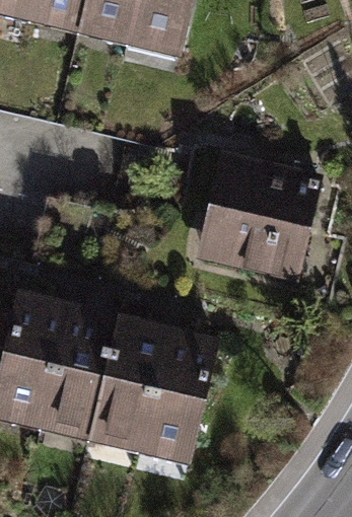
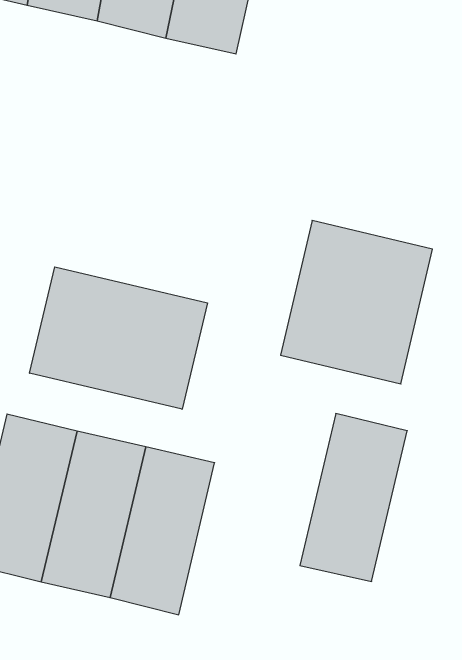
building: none -> [30,267,207,409]
building: [136,341,212,459] -> [300,414,407,581]

